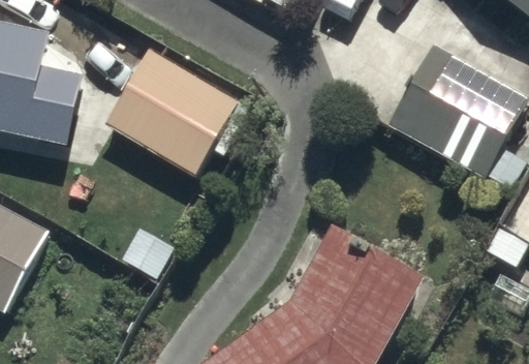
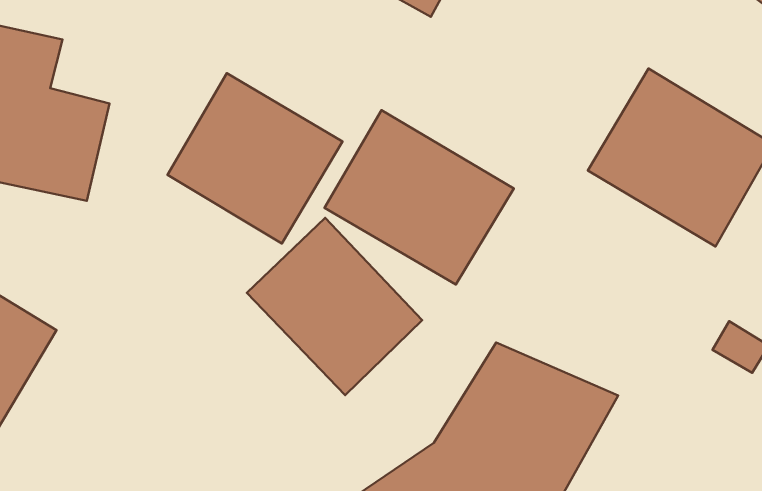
building: none -> [324,110,514,285]
building: none -> [247,218,422,395]

